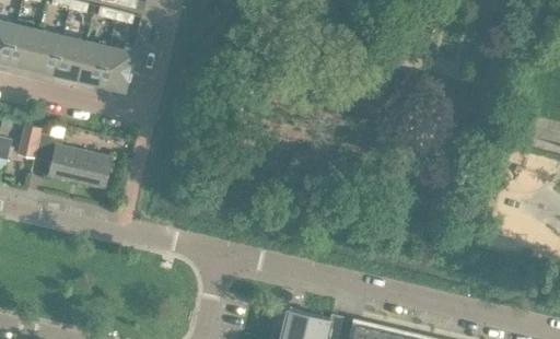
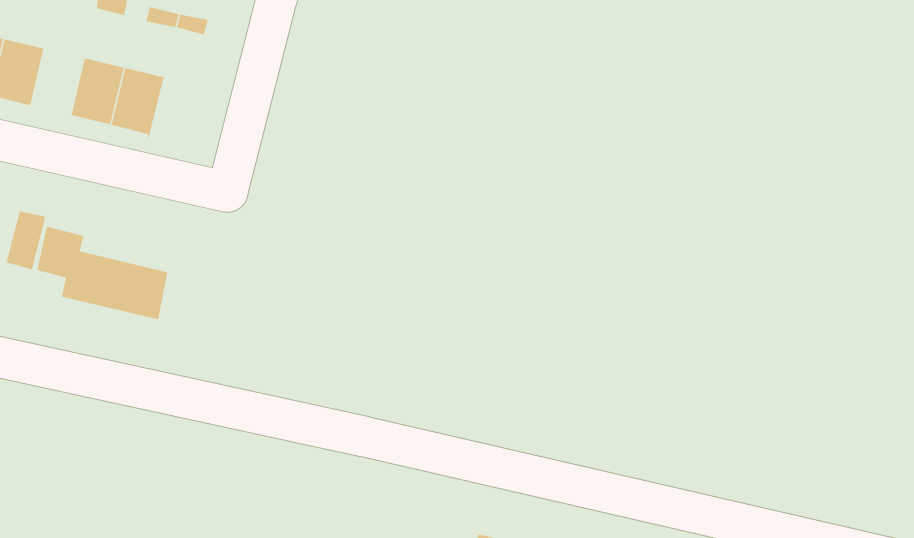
building: [31,32,61,70] -> none
building: [98,48,133,89] -> none

